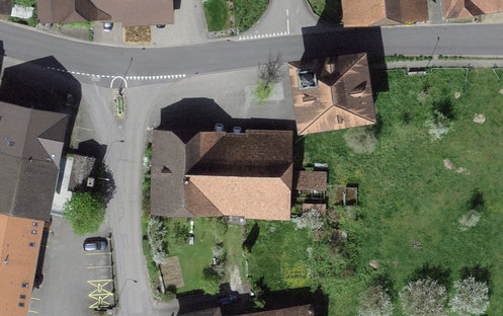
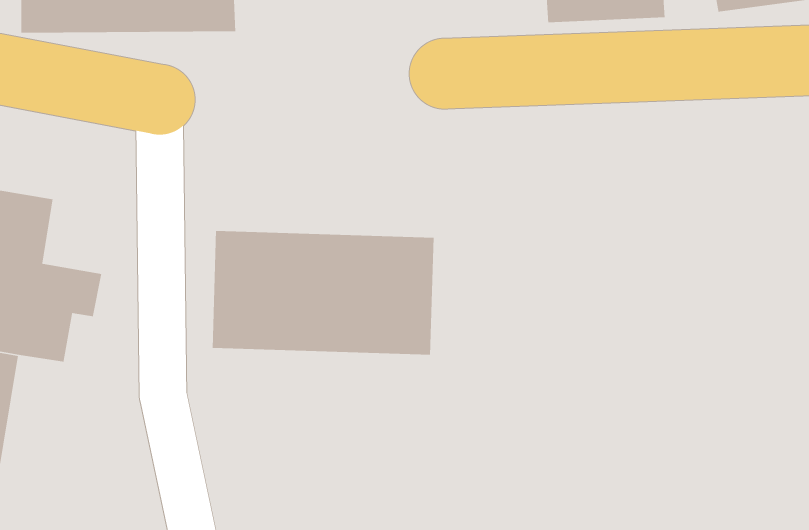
building: [299,57,365,121] -> none

